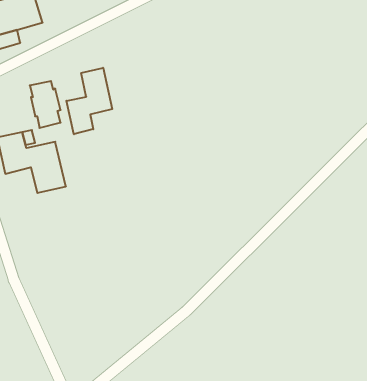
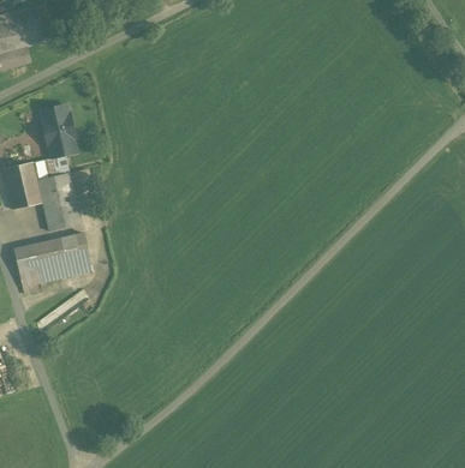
building: [66,68,112,134] -> none
building: none -> [13,233,91,287]

